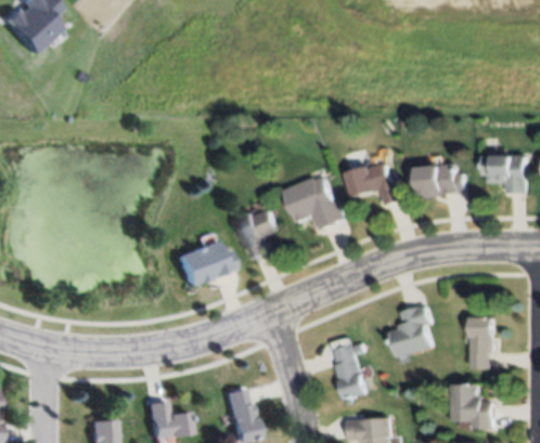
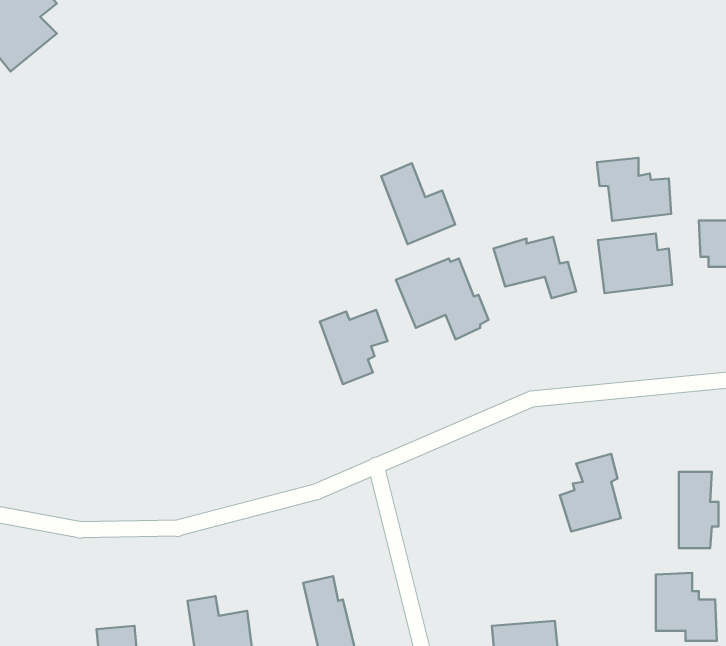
building: none -> [597,158,671,221]
building: none -> [381,163,455,244]
building: [178,243,234,285] -> none
building: [335,343,364,396] -> none

